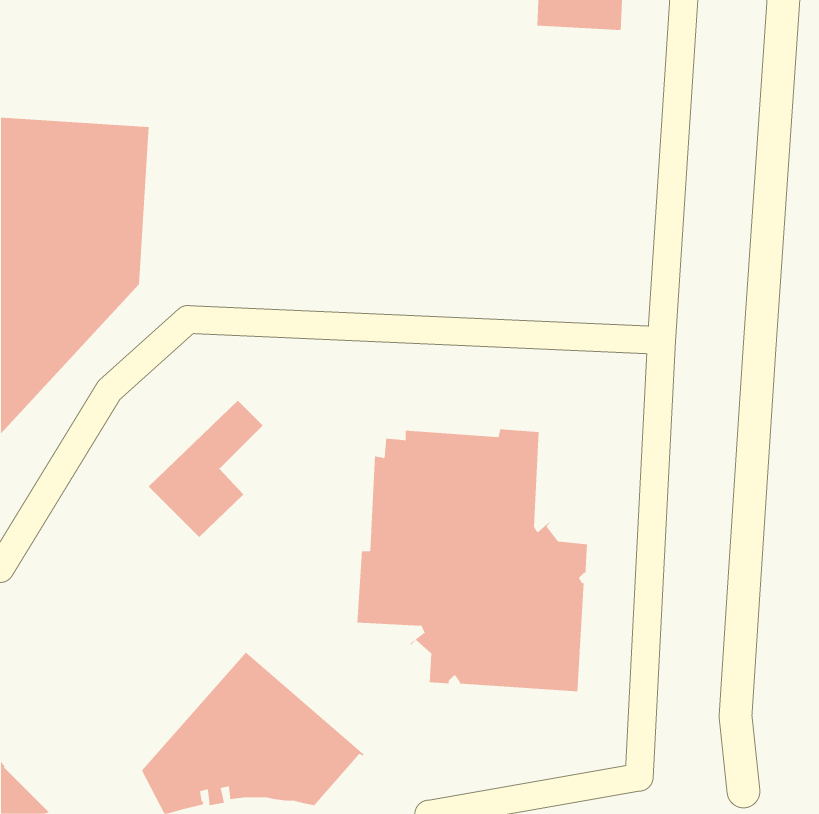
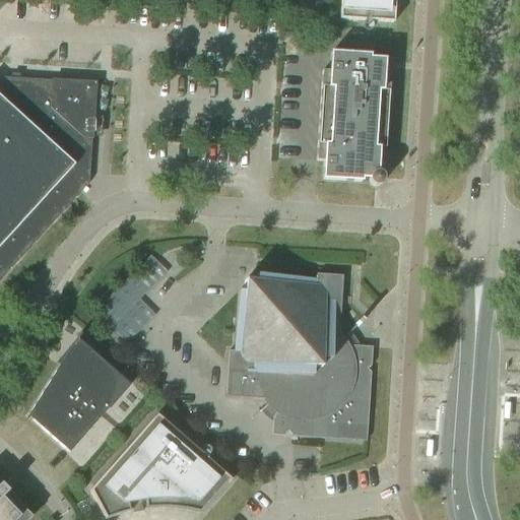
building: none -> [317,50,391,184]
building: none -> [28,337,129,450]

